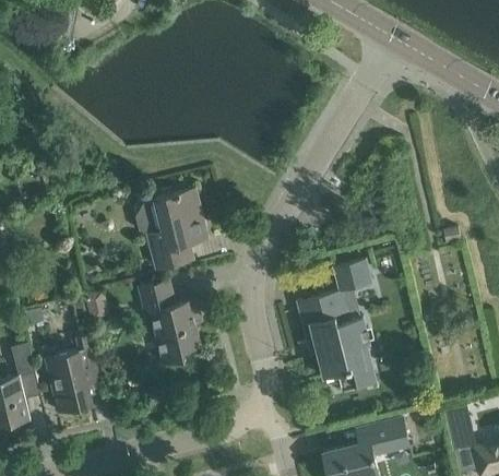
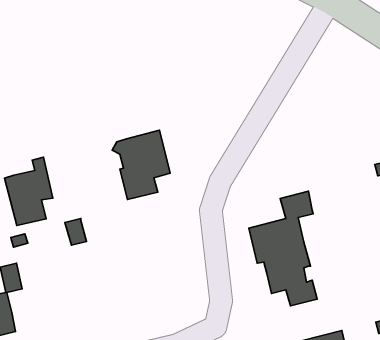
building: [139,279,200,364] -> none
building: [45,334,100,413] -> [5,157,53,226]

